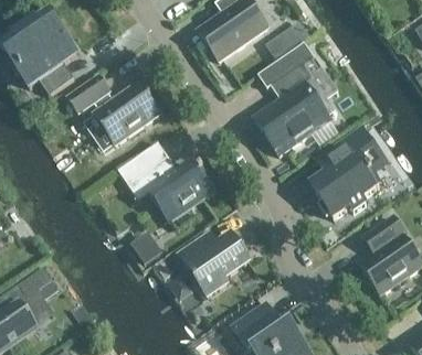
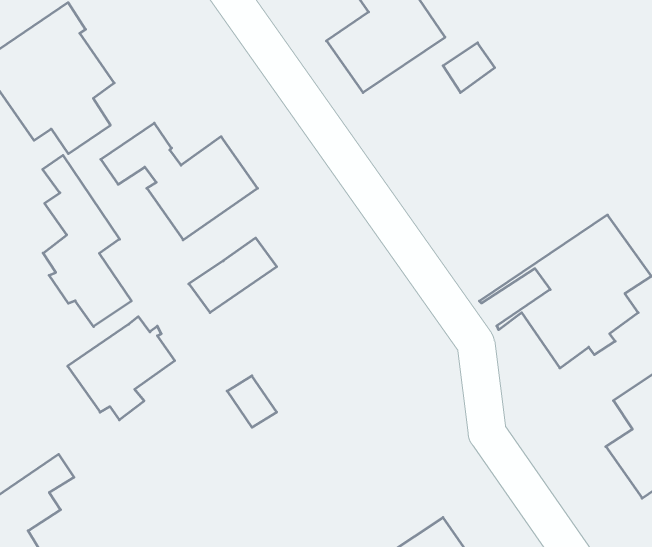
building: [255,42,329,153] -> none
building: none -> [43,155,131,327]
building: [150,162,212,222] -> [68,317,175,420]
building: [178,235,250,295] -> none

